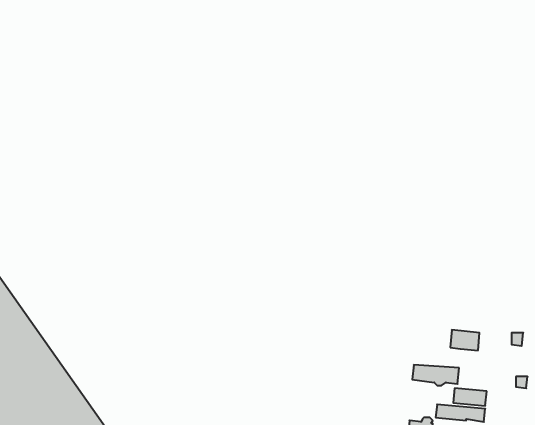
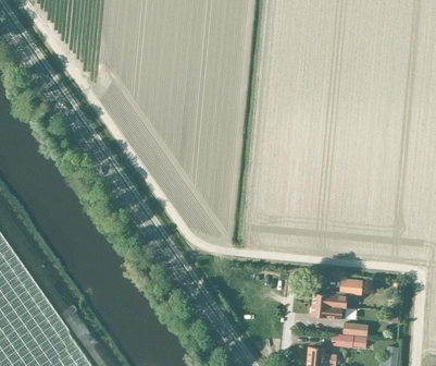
building: none -> [312,291,347,307]

